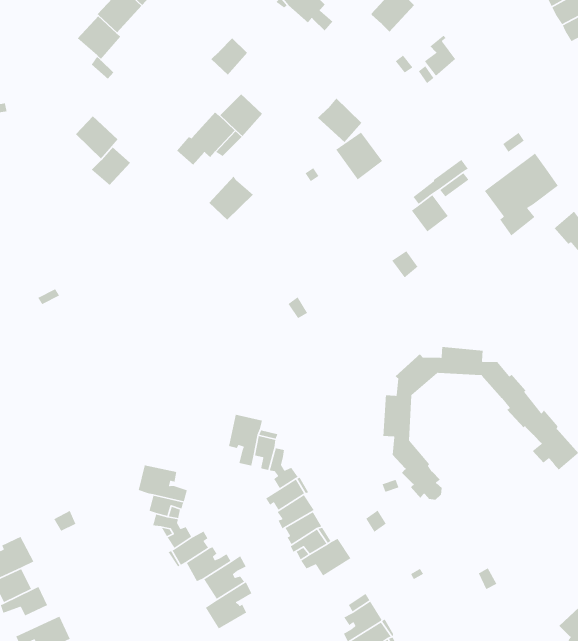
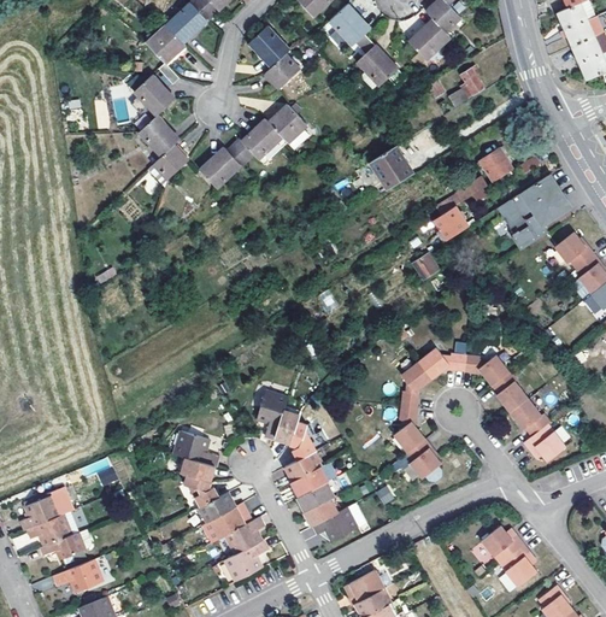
building: none -> [247,27,287,67]
building: none -> [131,76,172,117]
building: [317,98,362,143] -> [357,47,396,88]
building: none -> [478,149,512,183]
building: [209,176,254,221] -> [200,149,241,189]
building: none -> [486,524,540,584]

